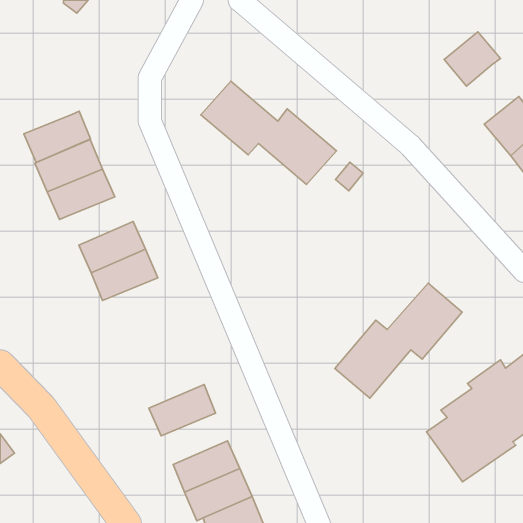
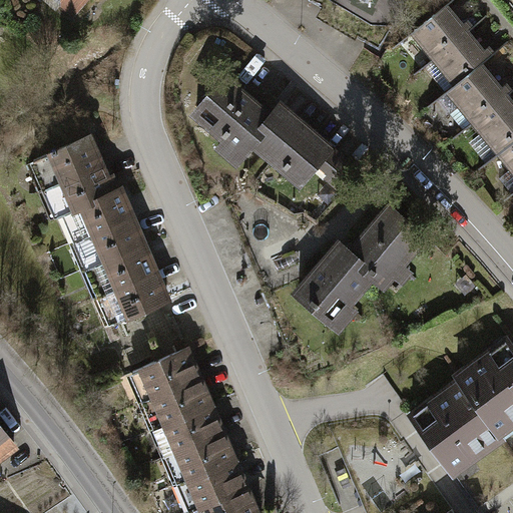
building: none -> [414,6,468,59]
building: none -> [449,64,508,130]
building: [24,111,90,163] -> [66,190,131,240]
building: none -> [101,273,167,324]
building: [335,283,462,398] -> [300,209,424,322]
building: none -> [134,349,200,400]
building: none -> [158,405,223,455]

